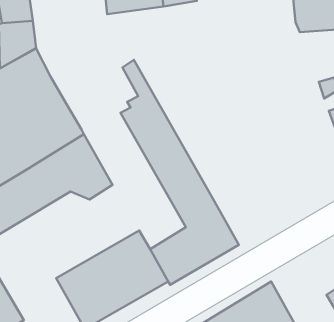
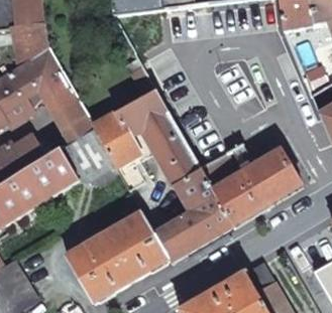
building: none -> [92,111,146,187]
building: none -> [211,148,301,225]

